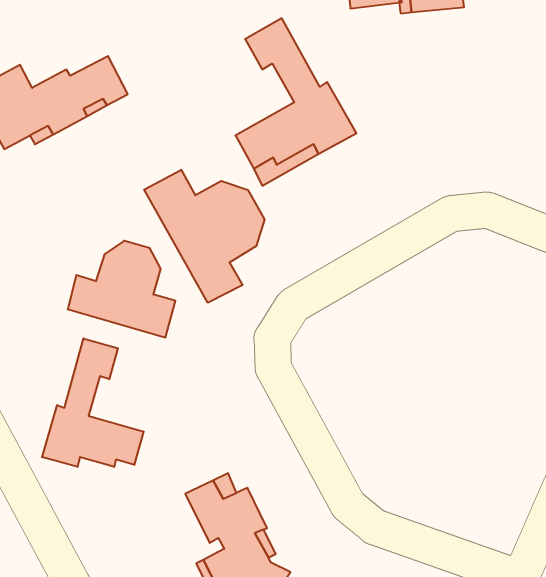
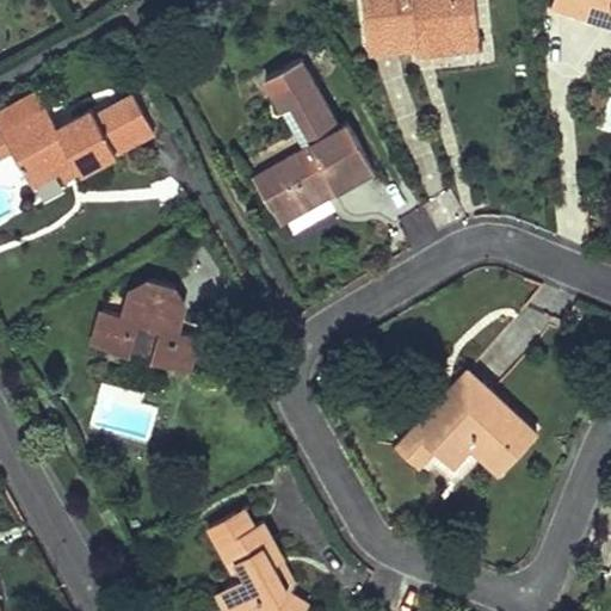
building: [144,170,264,303] -> none
building: none -> [394,369,535,473]
building: [42,338,144,467] -> none

